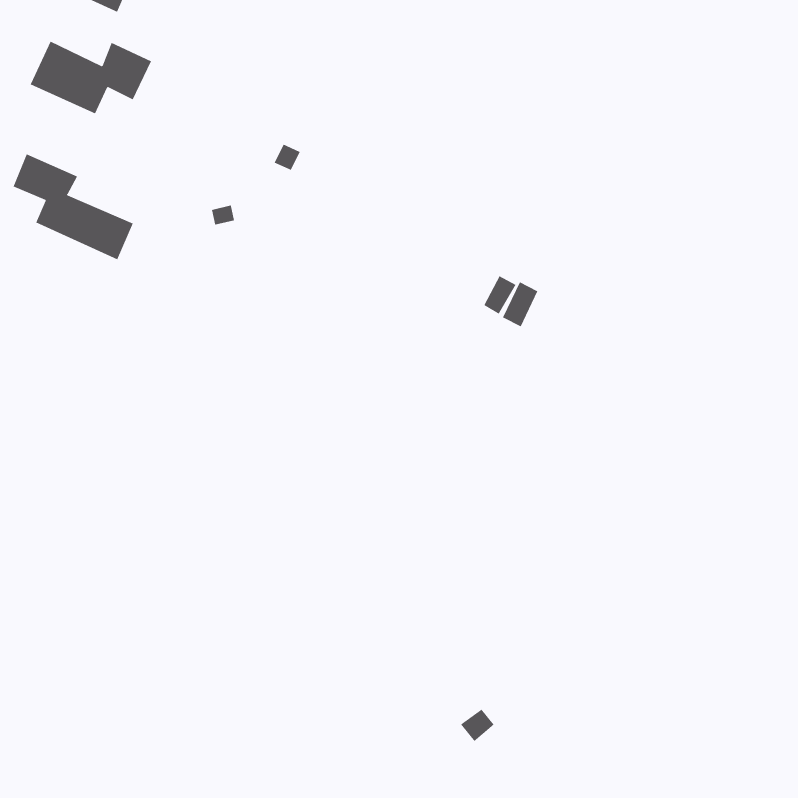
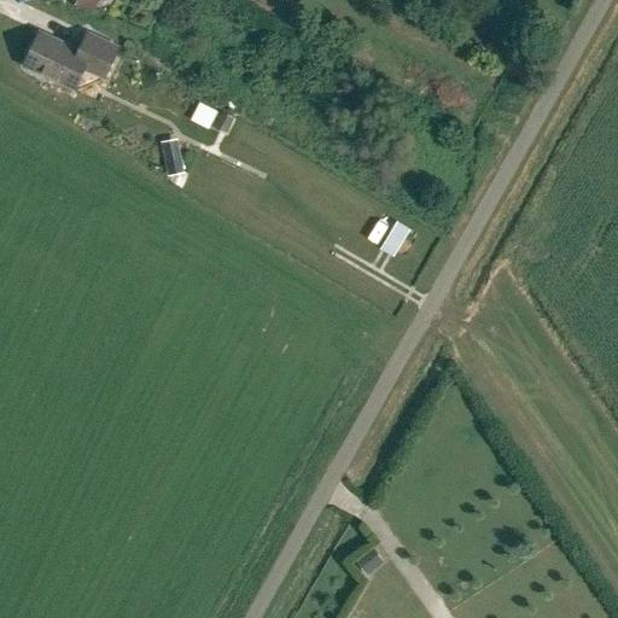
building: [13,153,134,260] -> none

